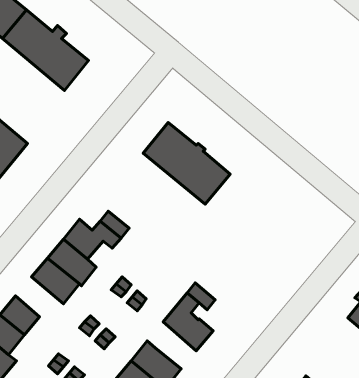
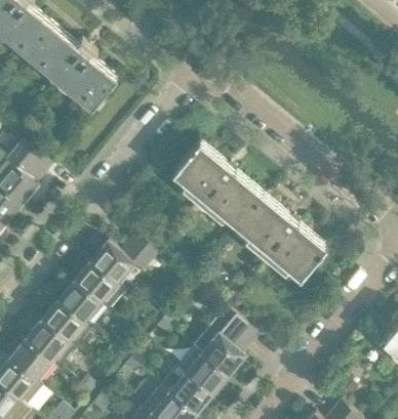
building: none -> [235,198,325,282]
building: none -> [40,303,89,350]
building: none -> [184,357,226,397]

